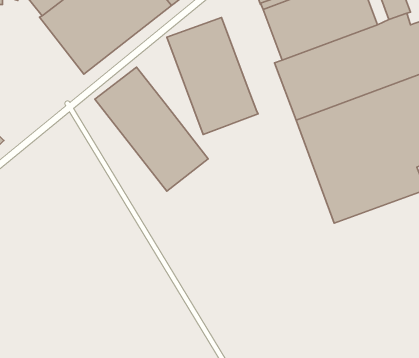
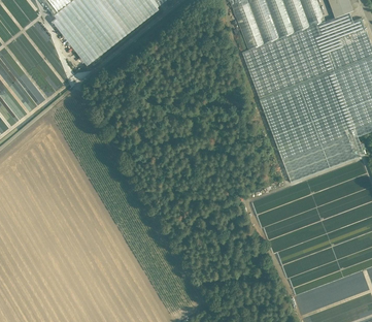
building: [167,18,258,134] -> none
building: [95,67,208,191] -> none

